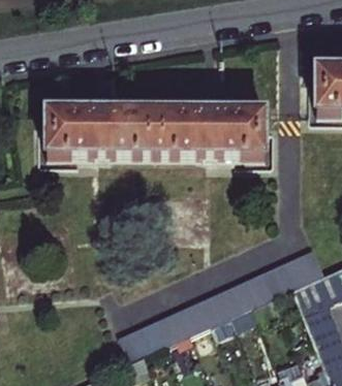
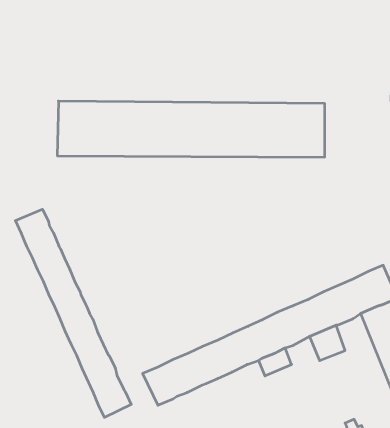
building: none -> [15,209,131,417]

